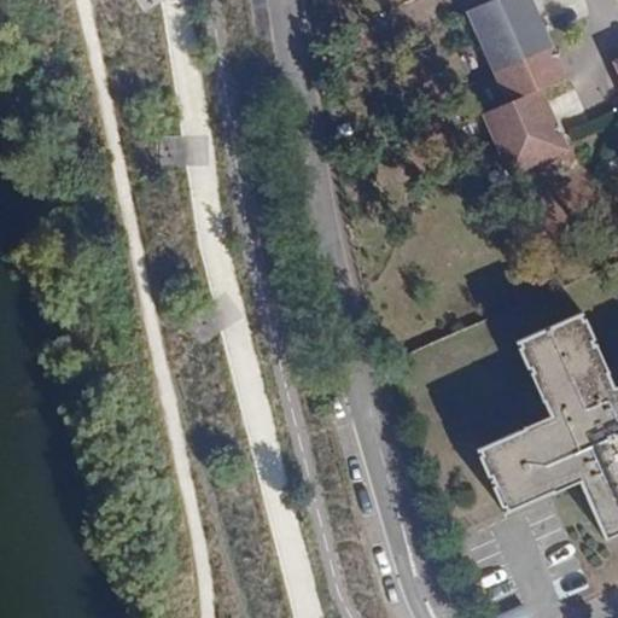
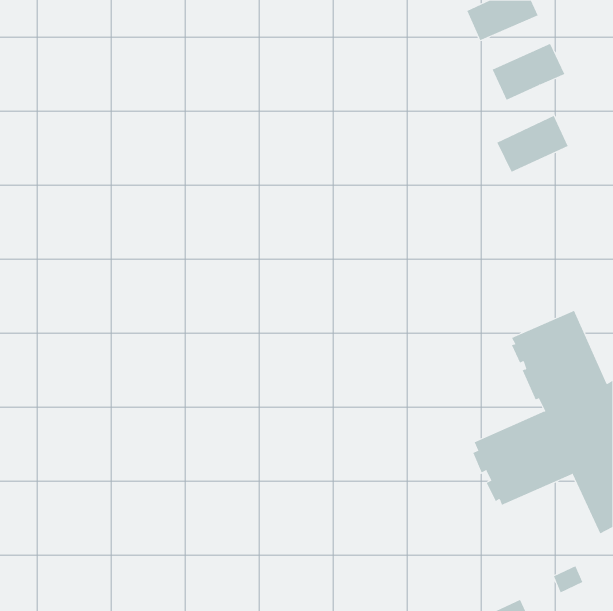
building: [483,17,554,71] -> none
building: [485,87,558,145] -> none

